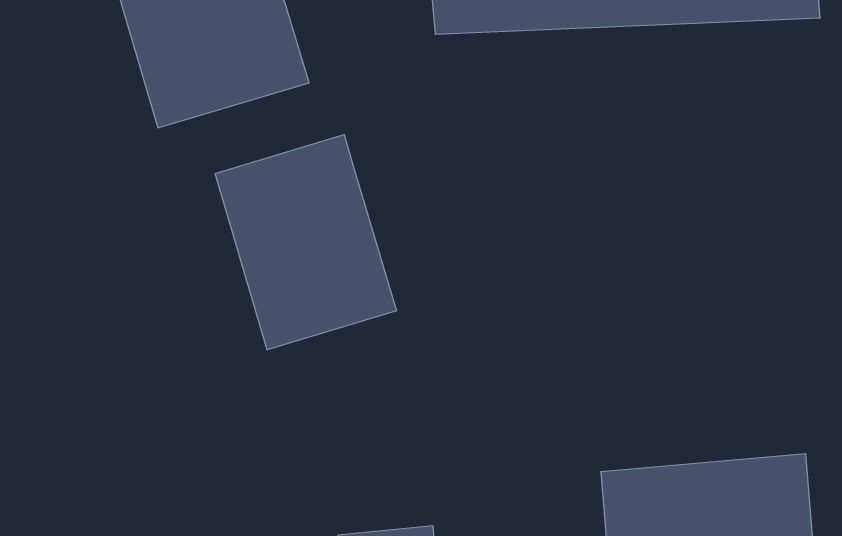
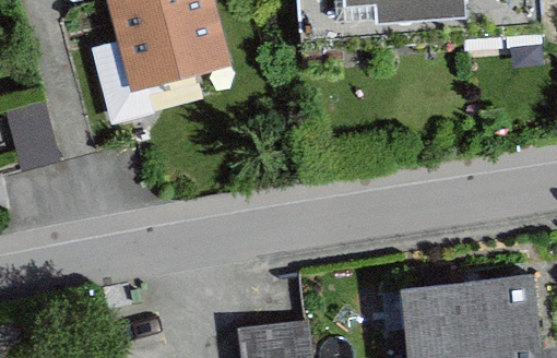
building: [215,135,396,350] -> none

